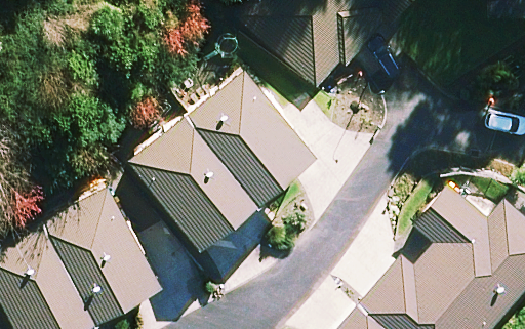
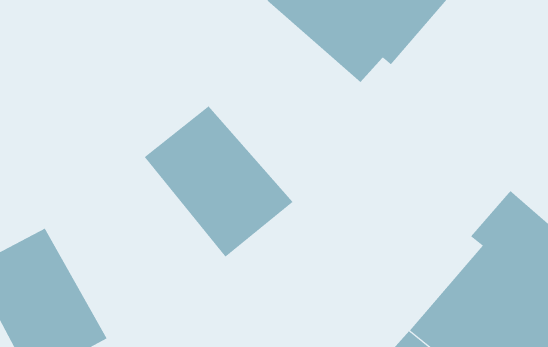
building: [188,71,315,201] -> none
building: [45,188,163,320] -> none

